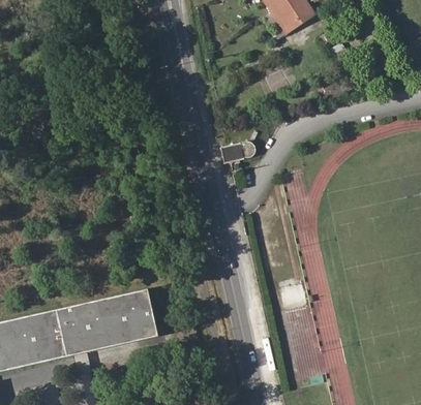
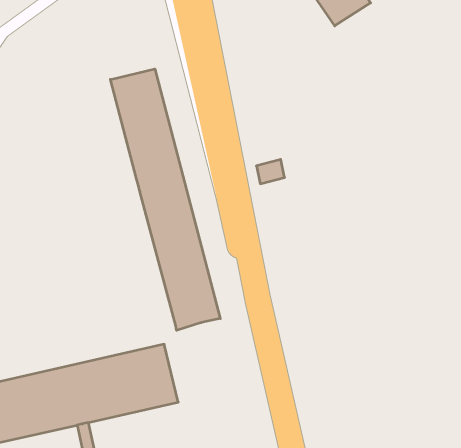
building: none -> [110,69,220,330]

